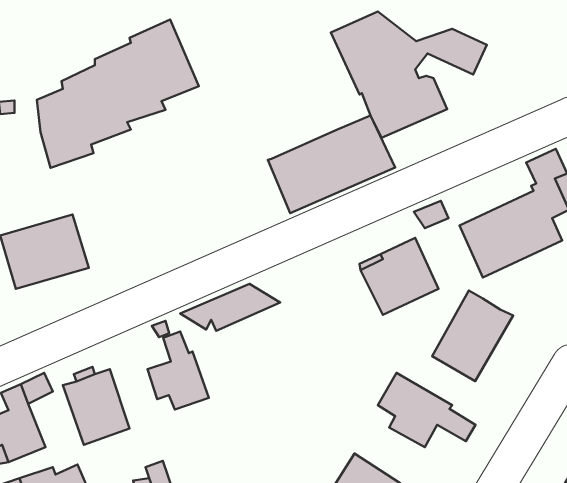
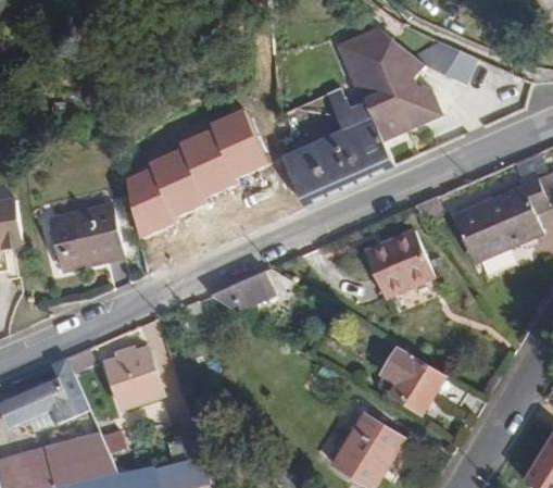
building: [37,19,199,168] -> [124,105,266,236]
building: none -> [327,89,375,134]
building: [432,291,513,381] -> none
building: [148,331,209,410] -> none

